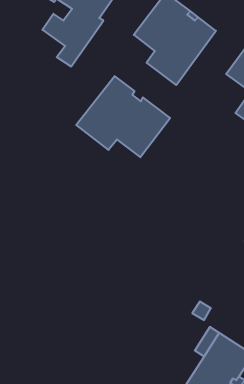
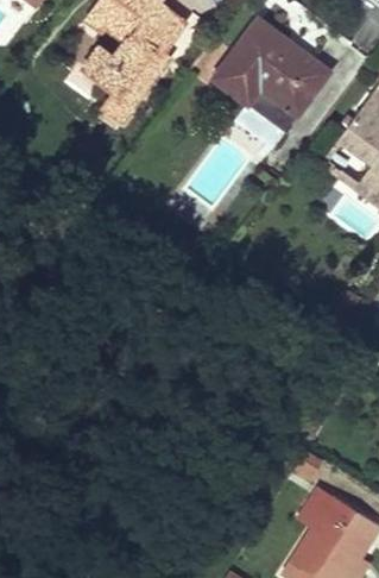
building: [76,76,170,157] -> none

